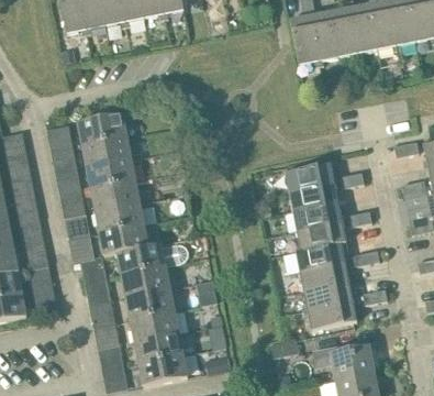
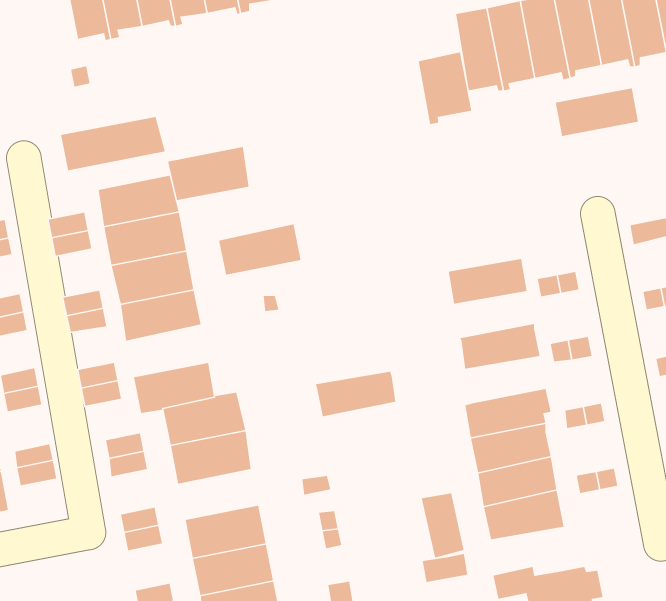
building: none -> [418,52,472,125]
building: none -> [555,87,639,137]
building: none -> [60,116,166,171]
building: none -> [167,146,249,201]
building: [289,183,337,210] -> none
building: [94,202,144,233] -> [218,224,302,275]
building: [296,221,344,249] -> [315,371,396,417]
building: [125,288,174,318] -> none
building: none -> [421,492,464,559]

